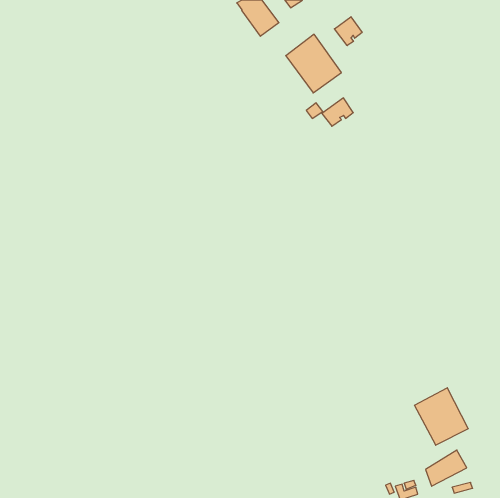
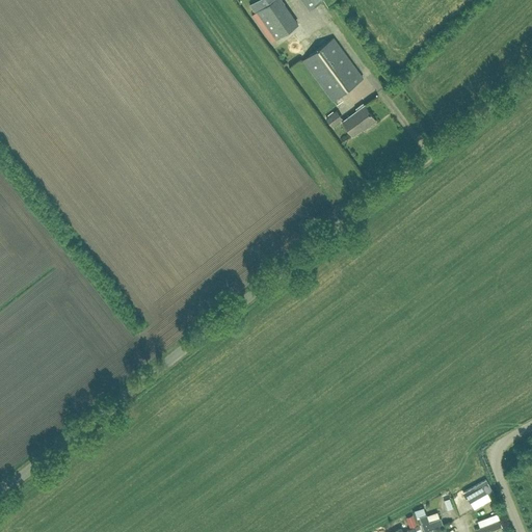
building: [334,17,362,46] -> none
building: [415,388,468,445] -> none

